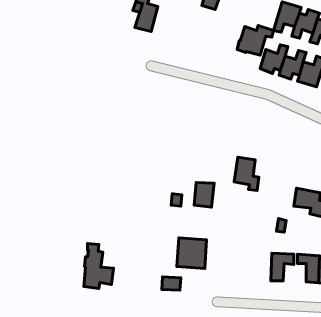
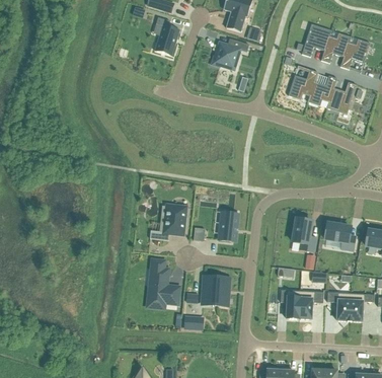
building: [237,26,274,55] -> [211,39,249,70]
building: [234,157,259,190] -> [291,216,317,251]
building: none -> [150,205,185,239]
building: [84,243,113,288] -> [148,259,179,307]
building: none -> [281,289,300,319]

